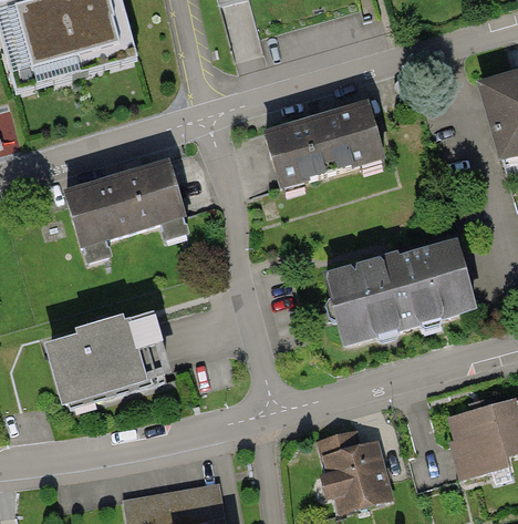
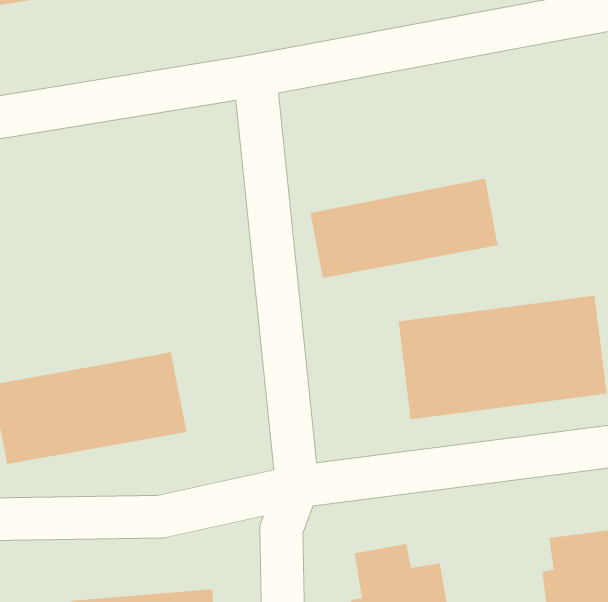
building: [260,96,396,181] -> [309,178,499,279]
building: [64,162,187,245] -> none

